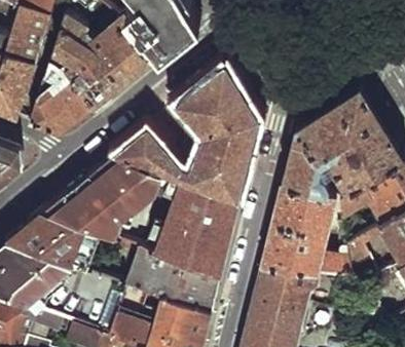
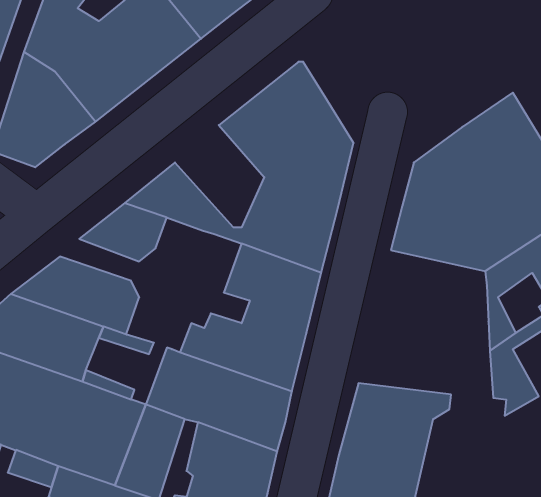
building: [73,165,163,216] -> none
building: [144,176,193,250] -> none
building: [262,186,347,279] -> none

